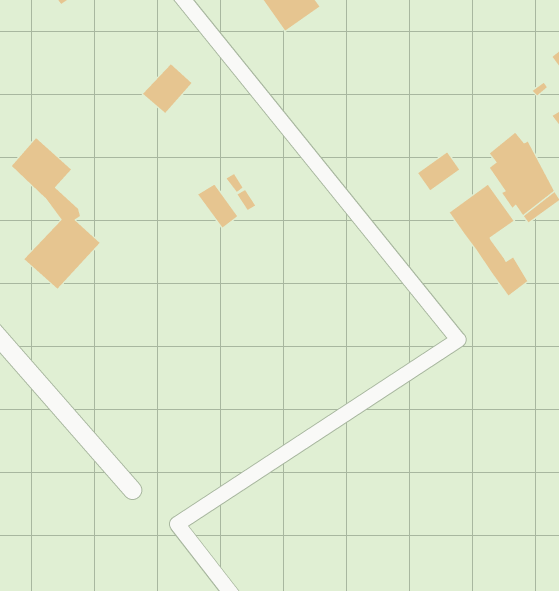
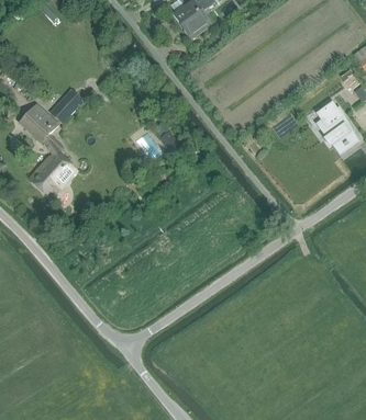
building: [142,64,192,114] -> [49,92,80,123]
building: [449,184,528,296] -> none

